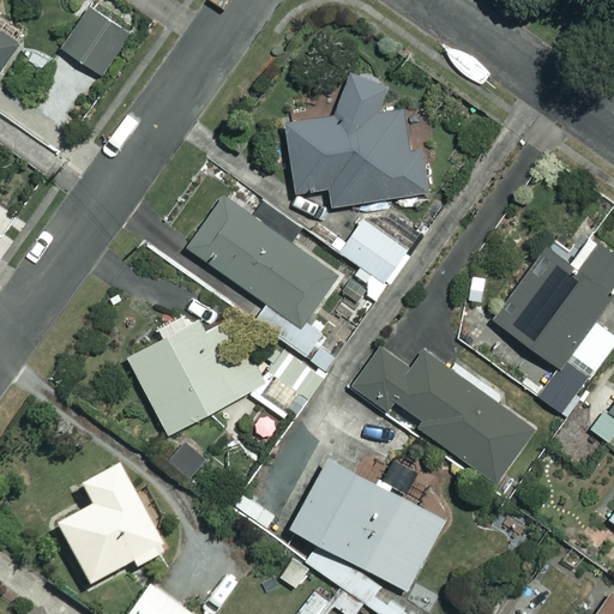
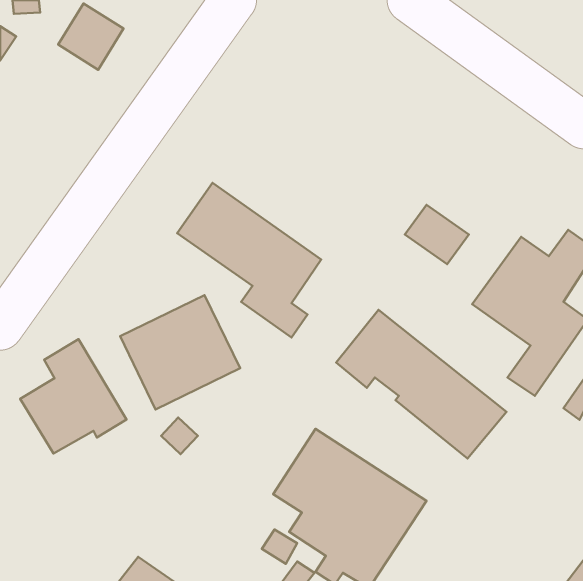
building: [284,76,426,207] -> none
building: [339,221,407,283] -> [405,205,469,264]
building: [53,466,164,586] -> [20,339,127,454]

